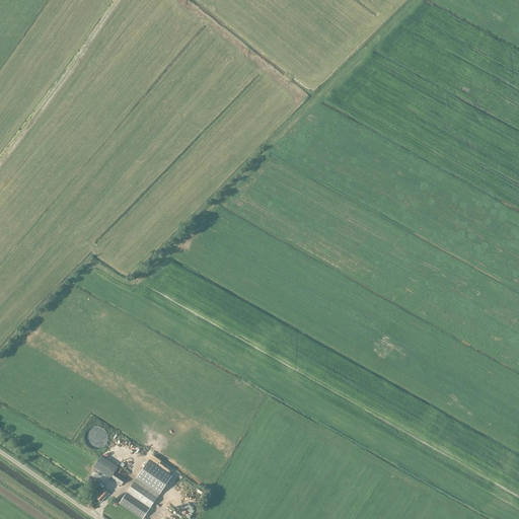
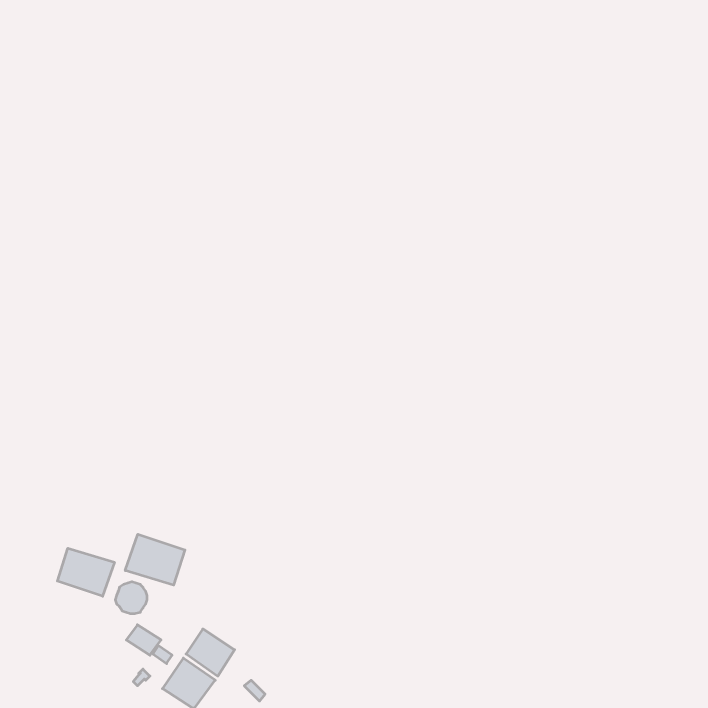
building: none -> [125,534,185,585]
building: none -> [57,548,114,596]

